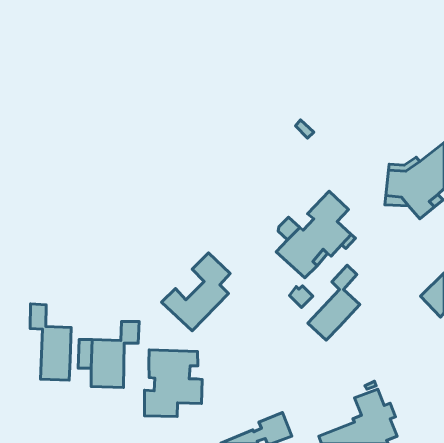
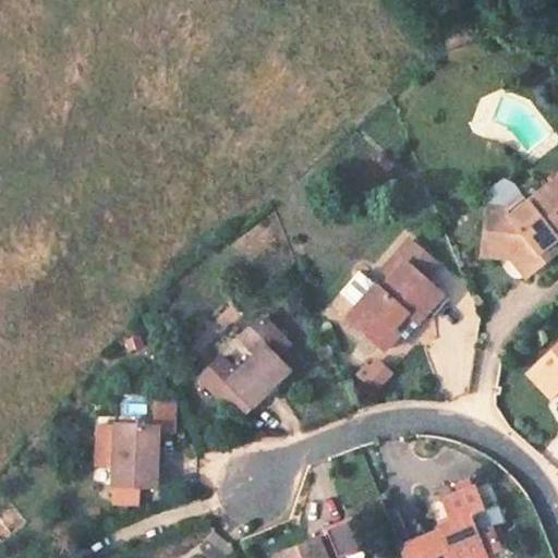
building: [308,265,360,340] -> none
building: [30,304,71,380] -> none
building: [144,350,202,417] -> none

